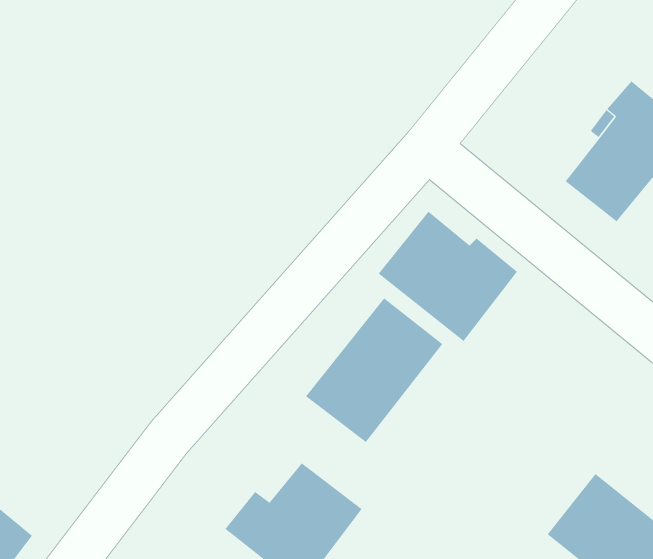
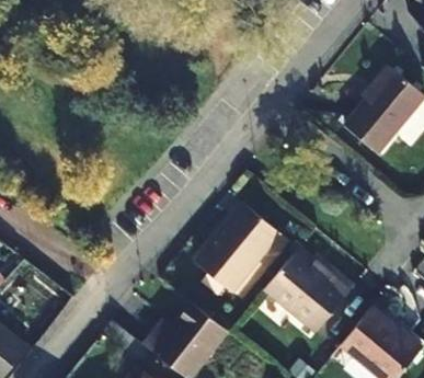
building: [378,211,518,342] -> [262,253,347,333]

